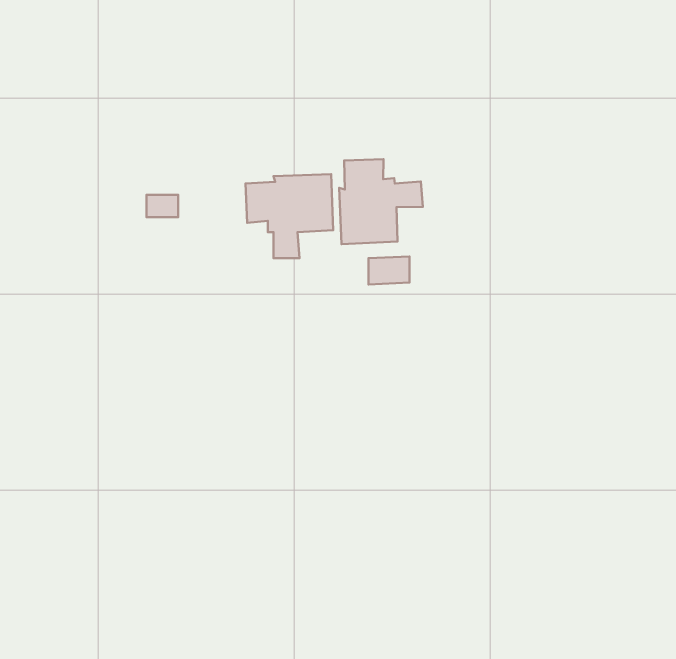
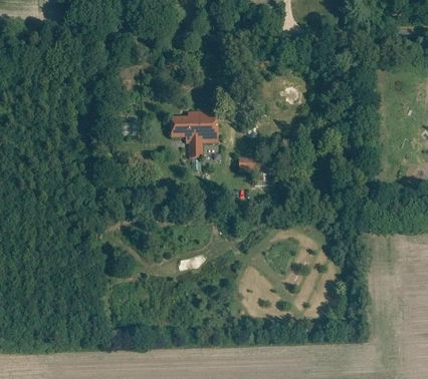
building: [339,159,423,244] -> none

